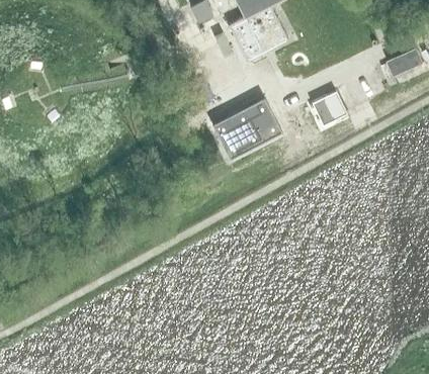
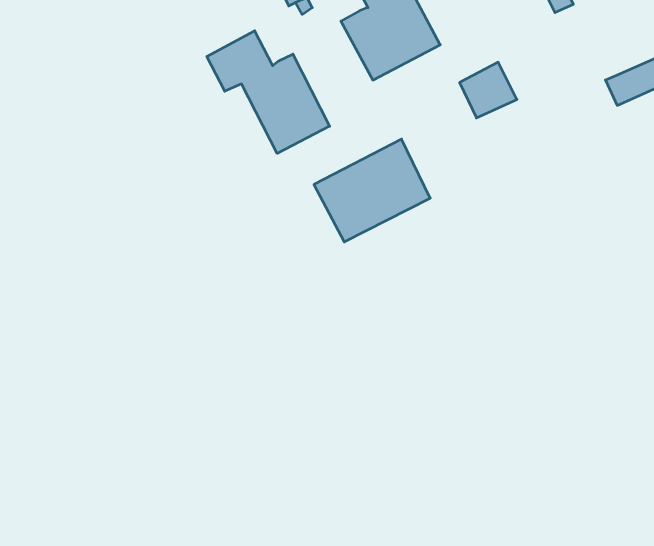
building: none -> [207,31,330,153]
building: [313,91,347,124] -> [460,62,517,118]

